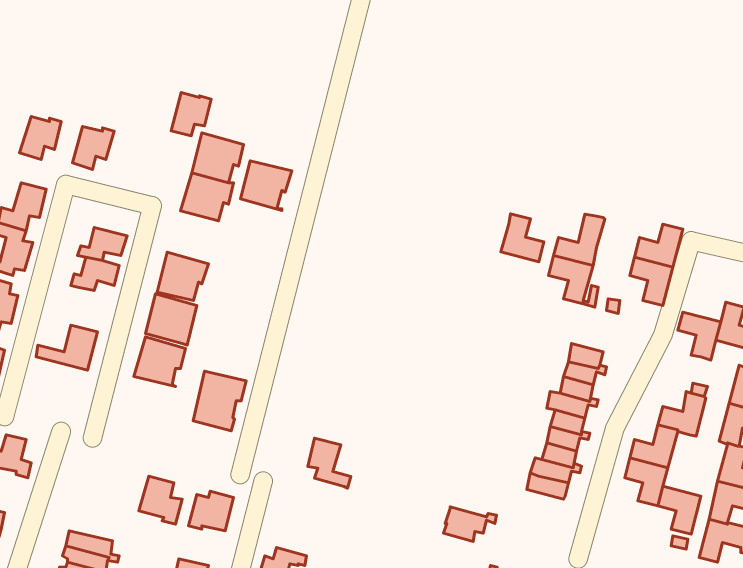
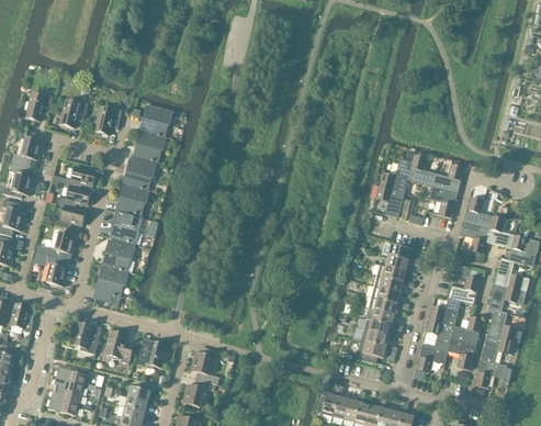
building: [171,93,211,136] -> [95,105,122,134]
building: [240,161,292,211] -> [123,157,157,190]
building: [501,214,544,262] -> [407,154,436,186]
building: none -> [464,197,493,228]
building: none -> [54,205,86,227]
building: none -> [33,251,70,285]
building: [193,371,246,431] -> [93,265,128,304]
building: [308,438,351,488] -> [191,351,219,384]
building: none -> [451,315,483,344]
building: none -> [72,322,100,352]
building: none -> [416,344,448,372]
building: [443,507,496,542] -> [357,339,392,362]

